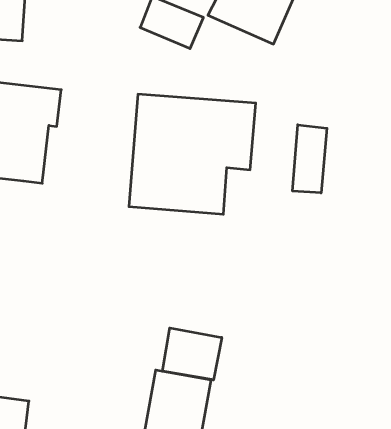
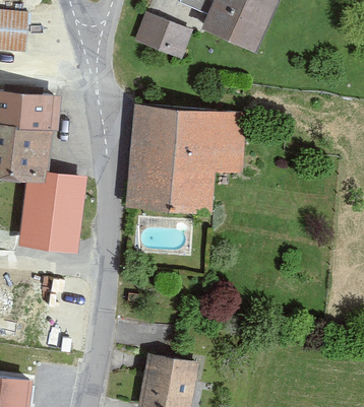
building: [293,125,327,193] -> none
building: none -> [19,172,86,252]
building: [162,328,222,380] -> none

